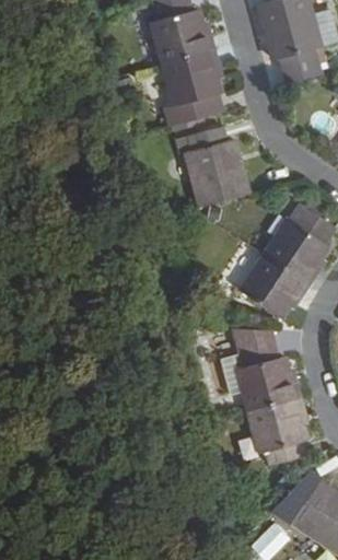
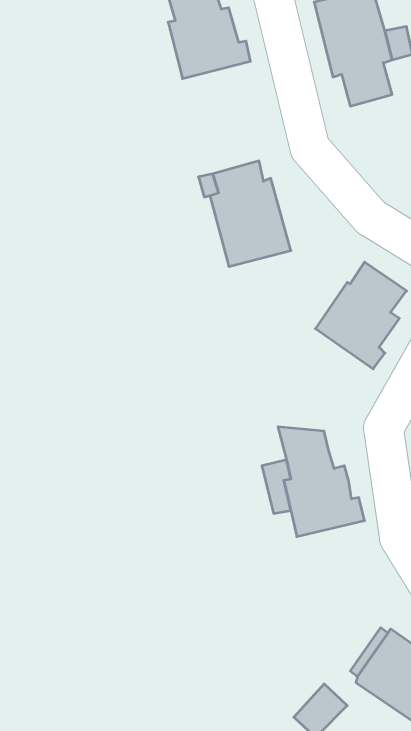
building: [162,50,220,125] -> none
building: [238,253,306,315] -> none
building: [248,398,305,465] -> none

